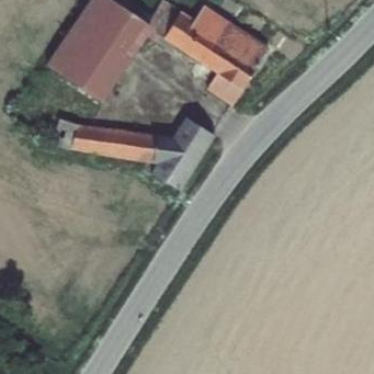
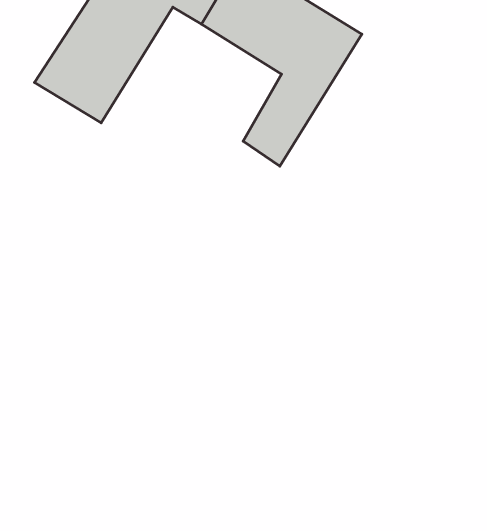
building: [76,127,152,163] -> none
building: [158,131,206,182] -> none

